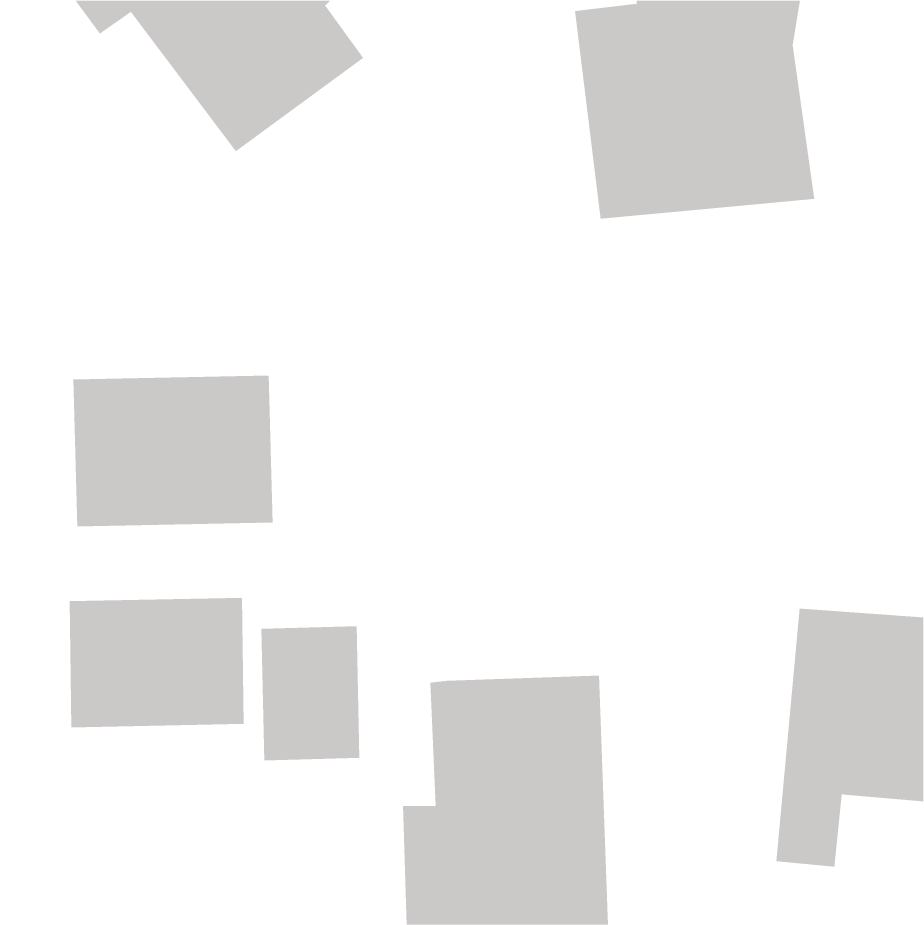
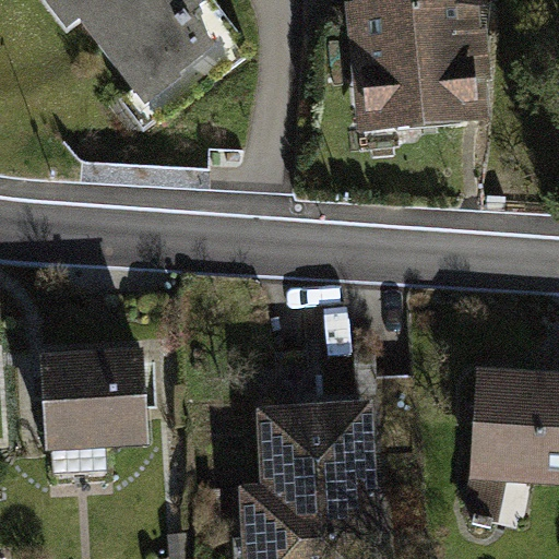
building: [73,375,273,527] -> none
building: [261,625,360,761] -> none

